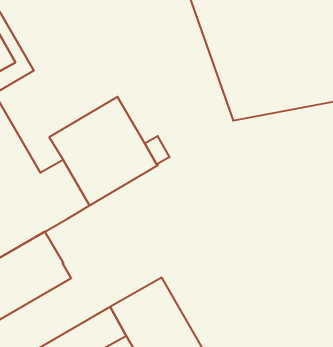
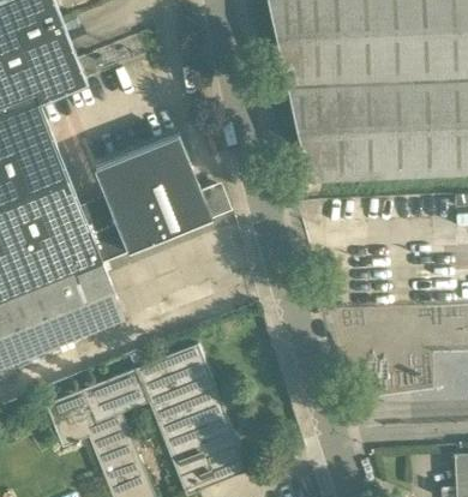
building: none -> [76,262,118,311]

